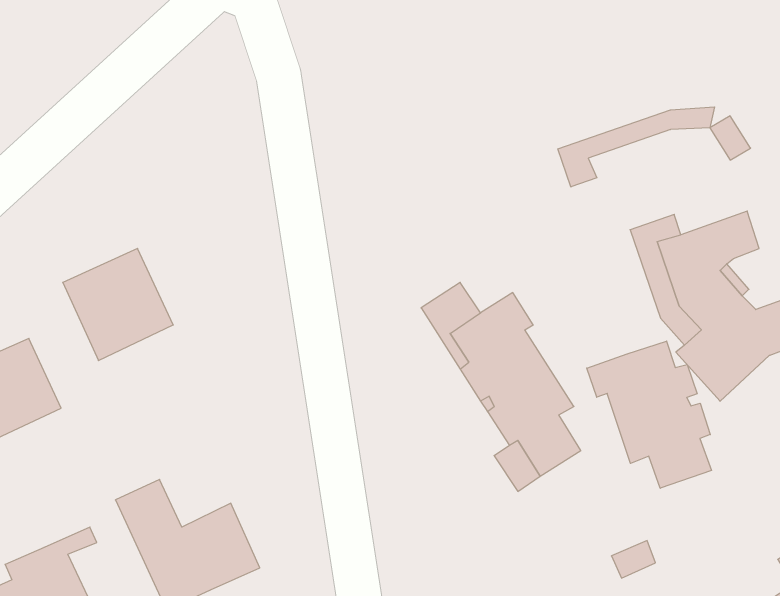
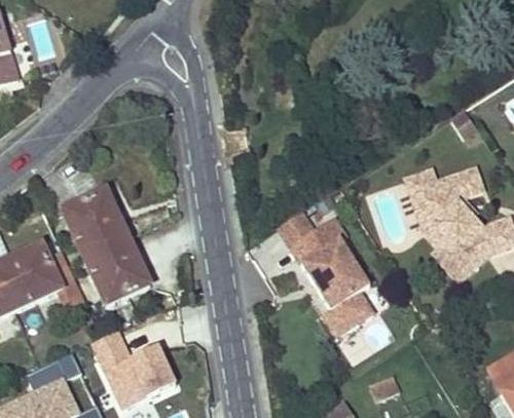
building: [558,107,715,187] -> none
building: none -> [83,235,151,304]
building: [587,341,711,488] -> none

